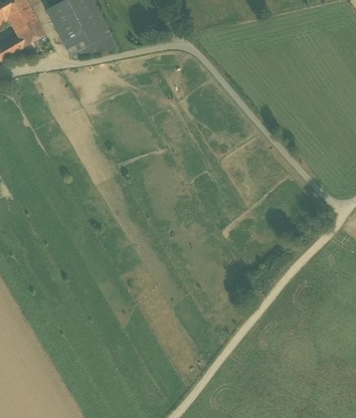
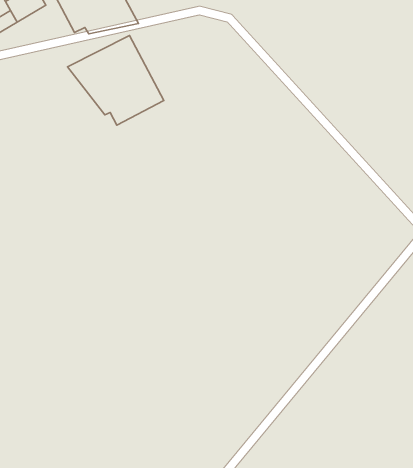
building: none -> [68,36,164,125]

